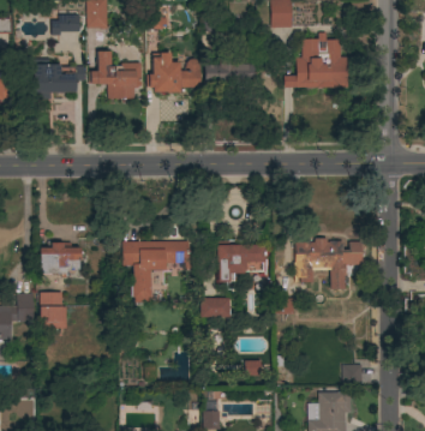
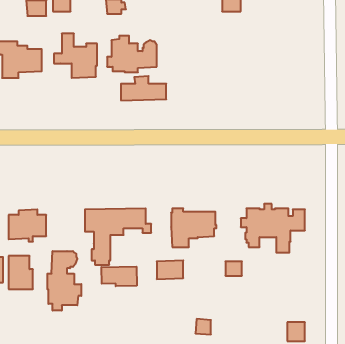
building: [285,34,348,89] -> none
building: [205,56,255,83] -> [121,76,166,100]
building: none -> [47,251,81,311]
building: none -> [101,267,137,286]

